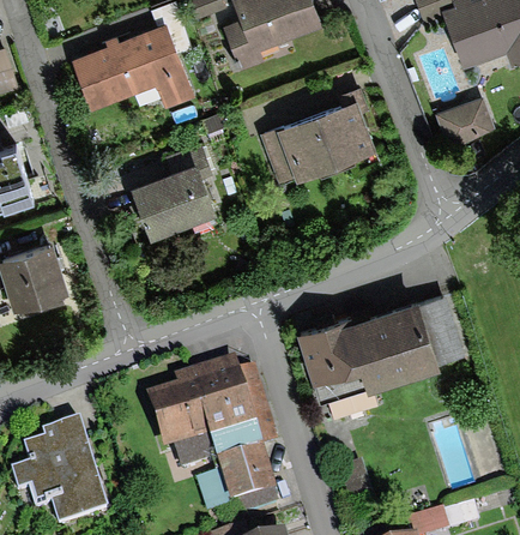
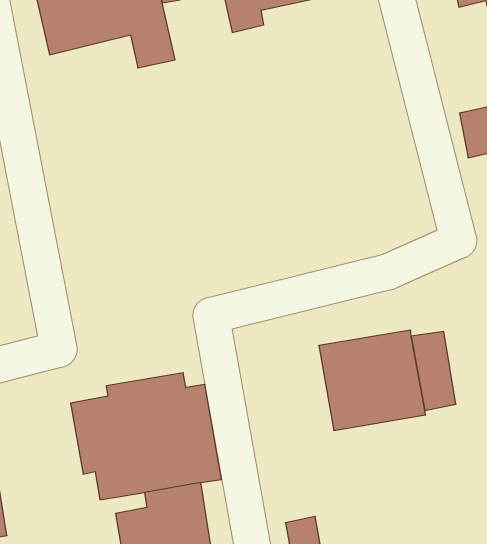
building: [259,86,377,184] -> none
building: [131,144,220,240] -> none
building: [297,318,367,404] -> none

